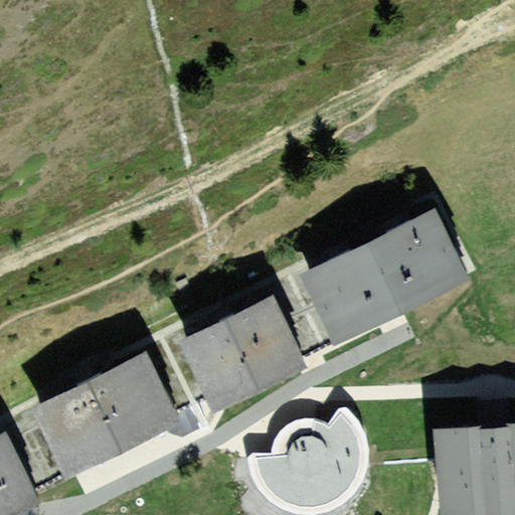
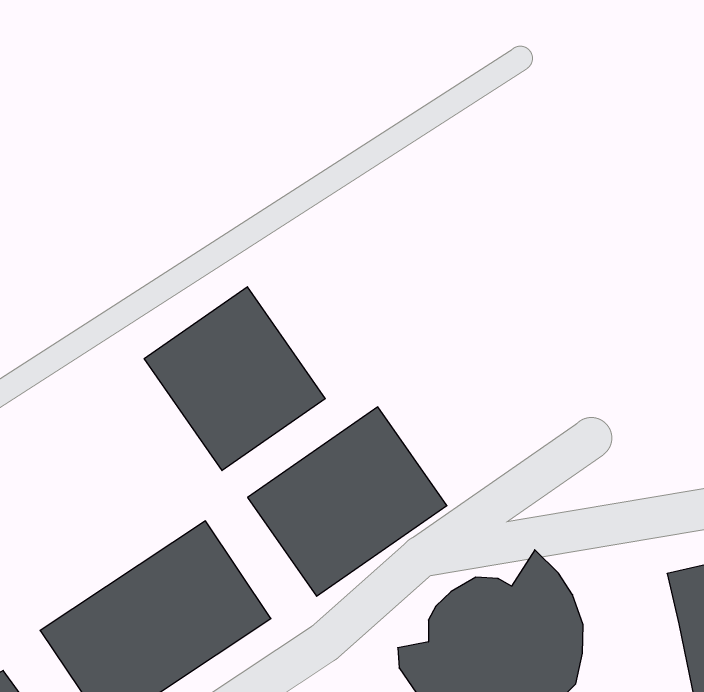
building: none -> [144,287,325,471]
building: [300,211,465,342] -> none

